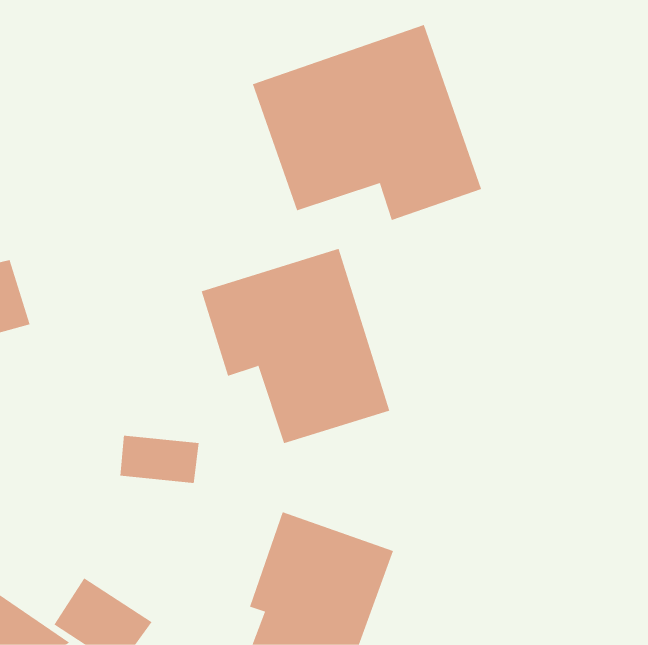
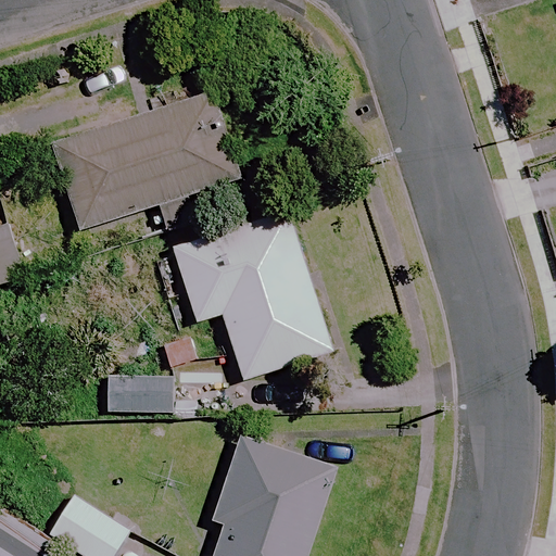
building: [252,24,482,221] -> none
building: none -> [50,92,239,231]

